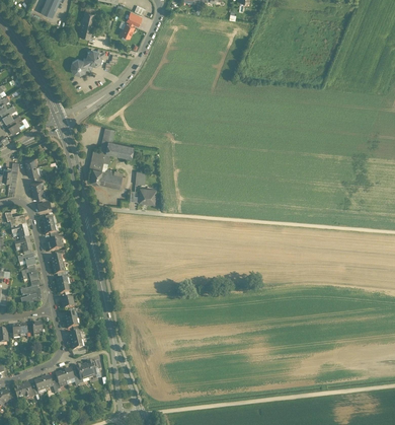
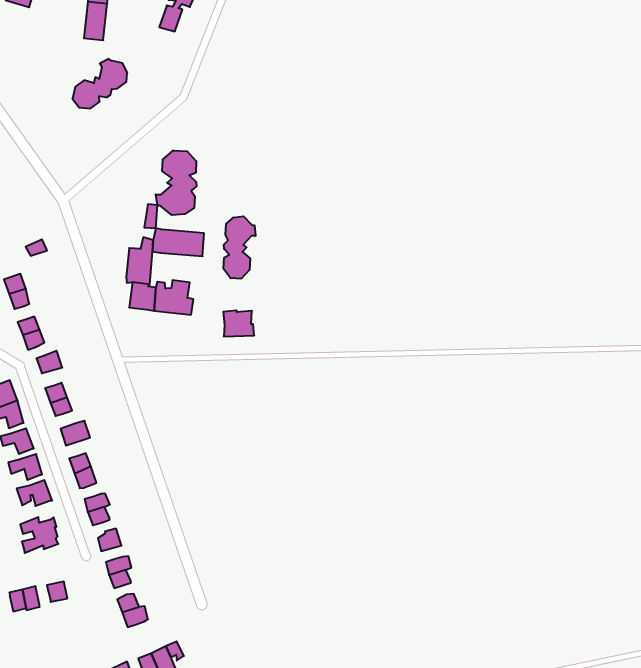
building: none -> [156,150,196,215]
building: none -> [224,216,256,279]

